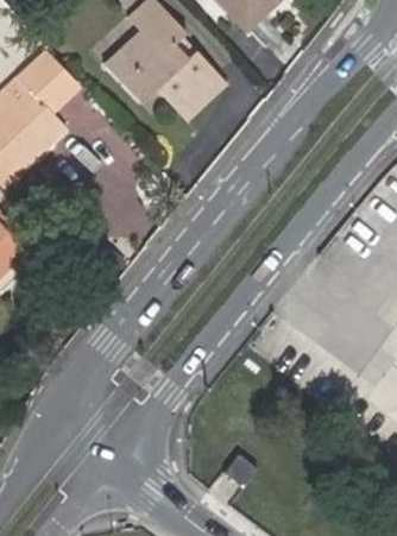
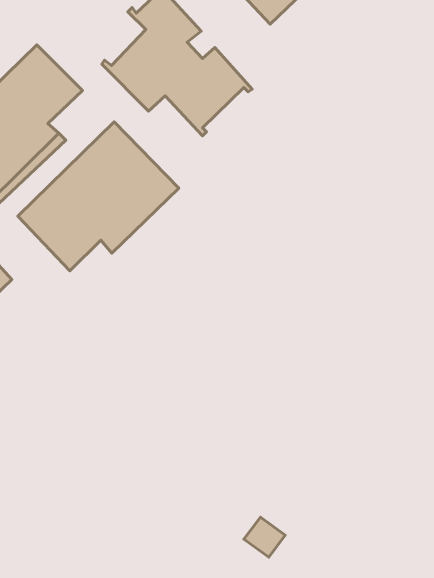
building: none -> [18,122,179,271]

